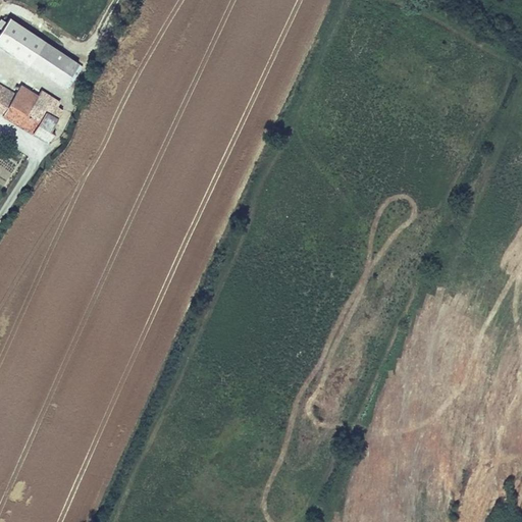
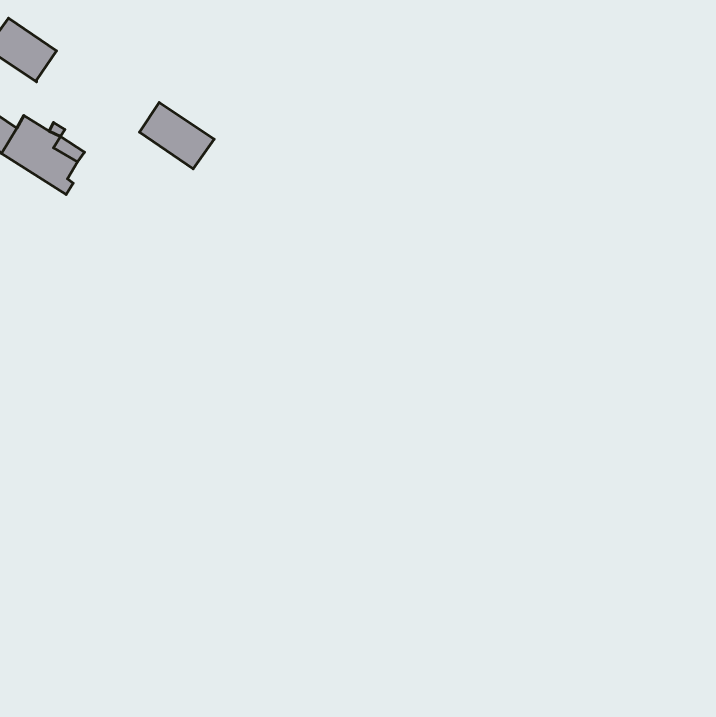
building: [27,39,81,87] -> [140,103,214,169]

